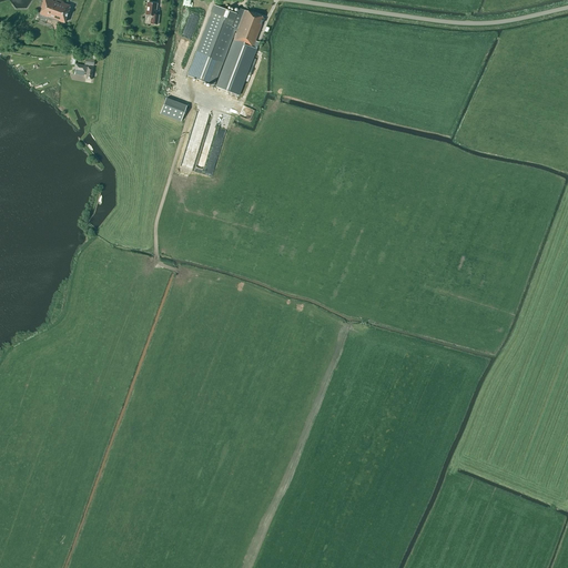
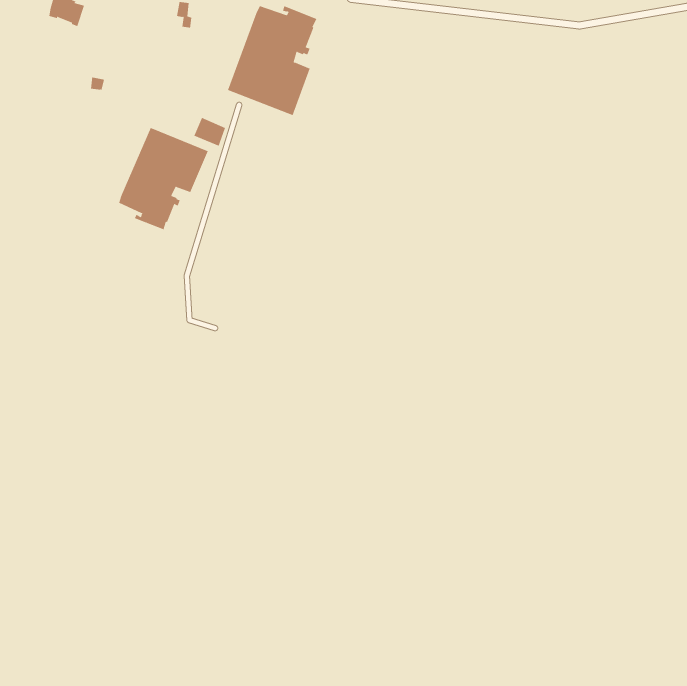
building: none -> [119,127,208,230]

